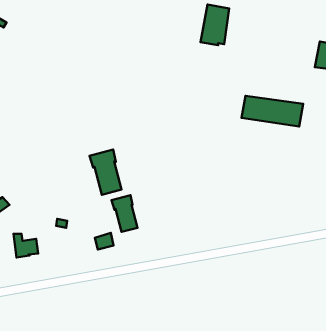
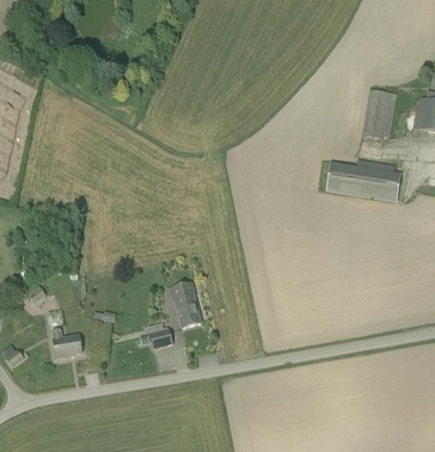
building: [200,4,229,45] -> [361,88,396,138]
building: [89,150,122,195] -> none

